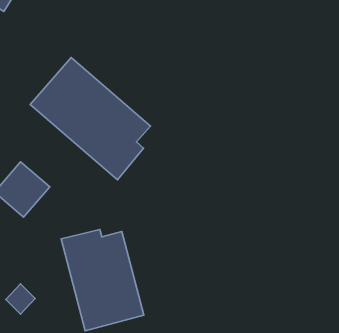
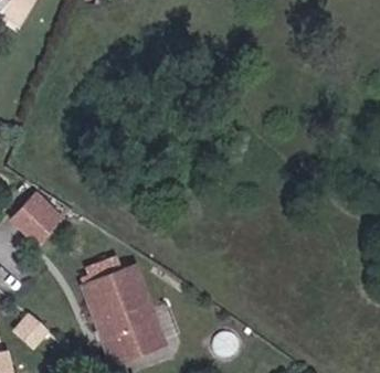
building: [30,57,151,180] -> none

